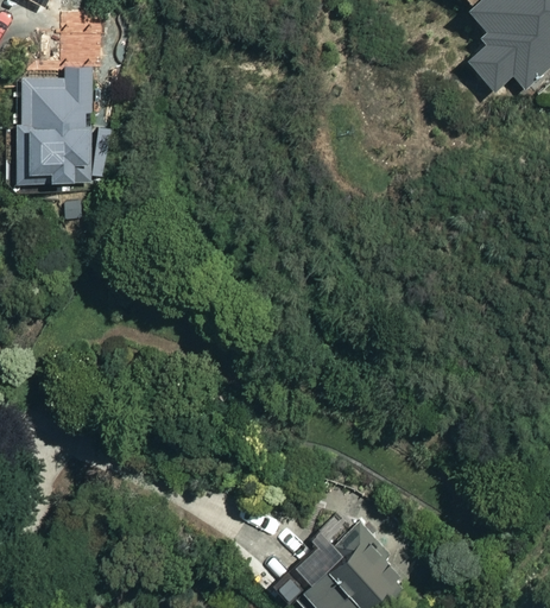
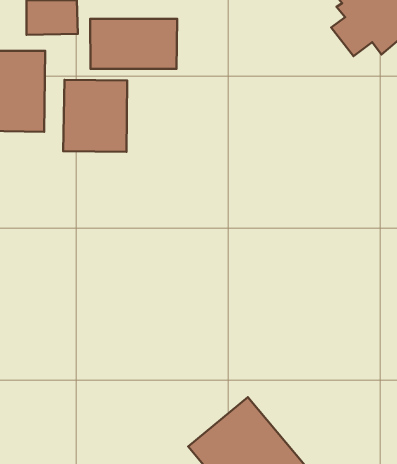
building: none -> [90,19,177,69]
building: none -> [63,80,127,152]

